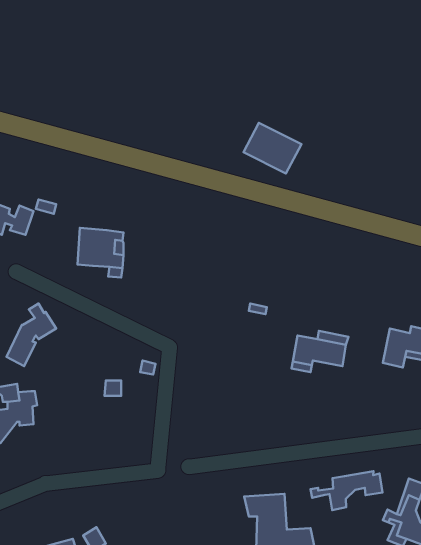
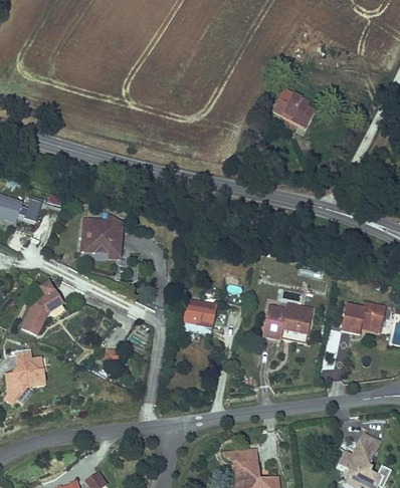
building: [243,123,301,174] -> [270,85,320,129]
building: none -> [181,297,217,333]
building: [310,471,382,510] -> none

